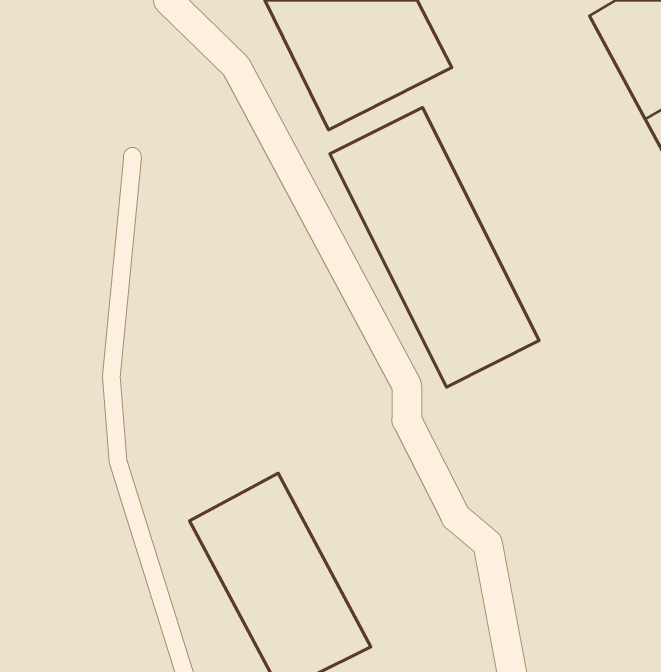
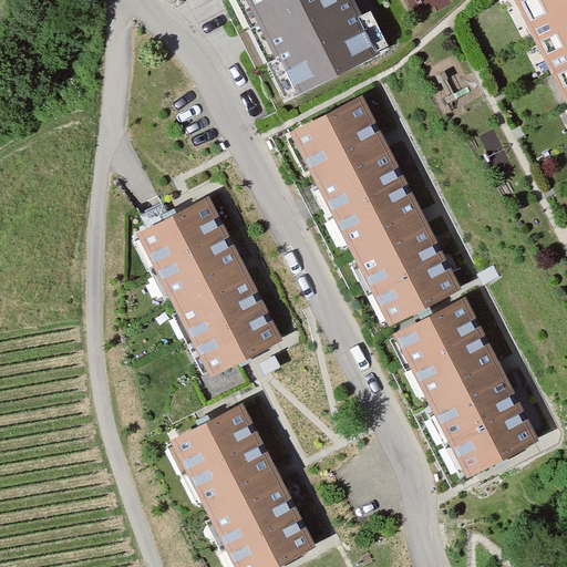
building: none -> [133,195,281,378]
building: none -> [394,293,547,474]

